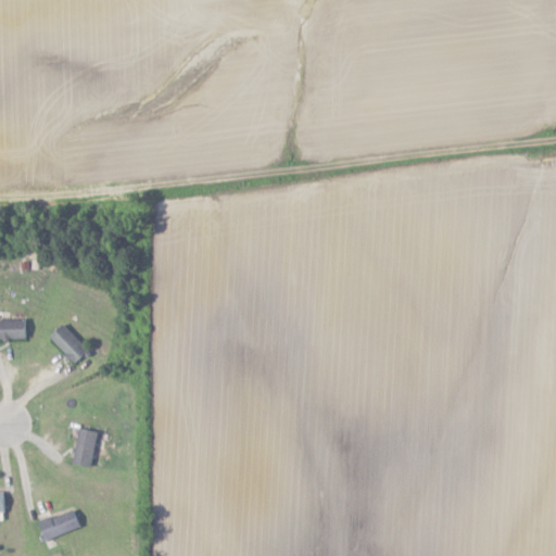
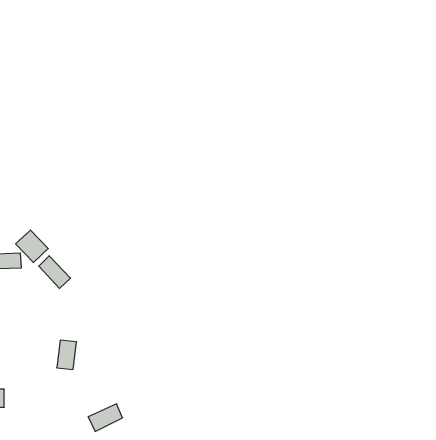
building: none -> [16,230,48,263]
building: [38,507,81,542] -> [88,404,123,431]

